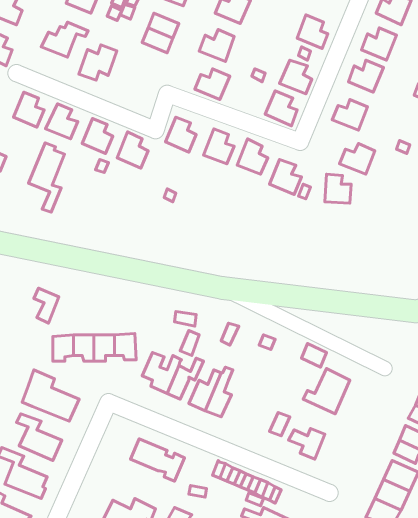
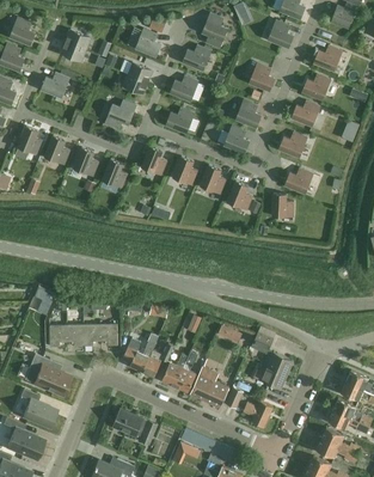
building: [79,45,117,80] -> [104,99,135,128]
building: [29,143,64,212] -> none
building: none -> [190,366,227,405]

